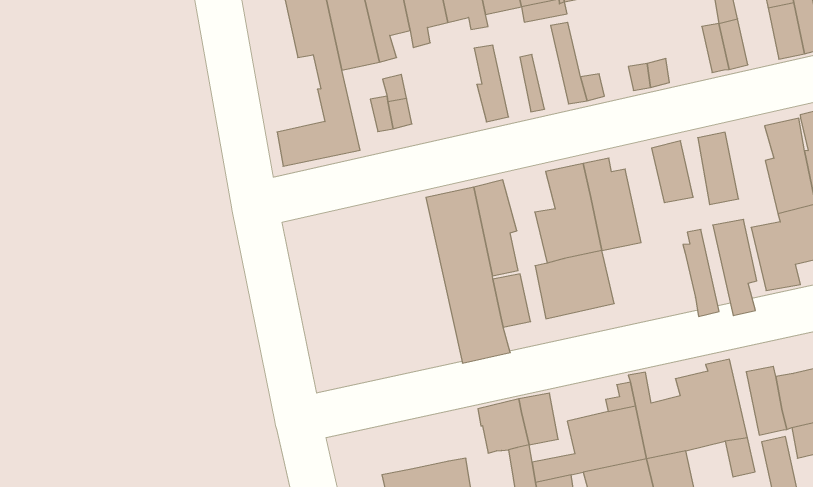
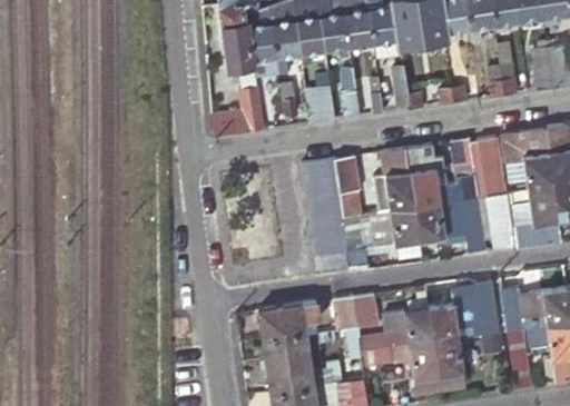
building: none -> [307,76,336,125]
building: none -> [414,204,472,246]
building: none -> [258,304,317,340]

